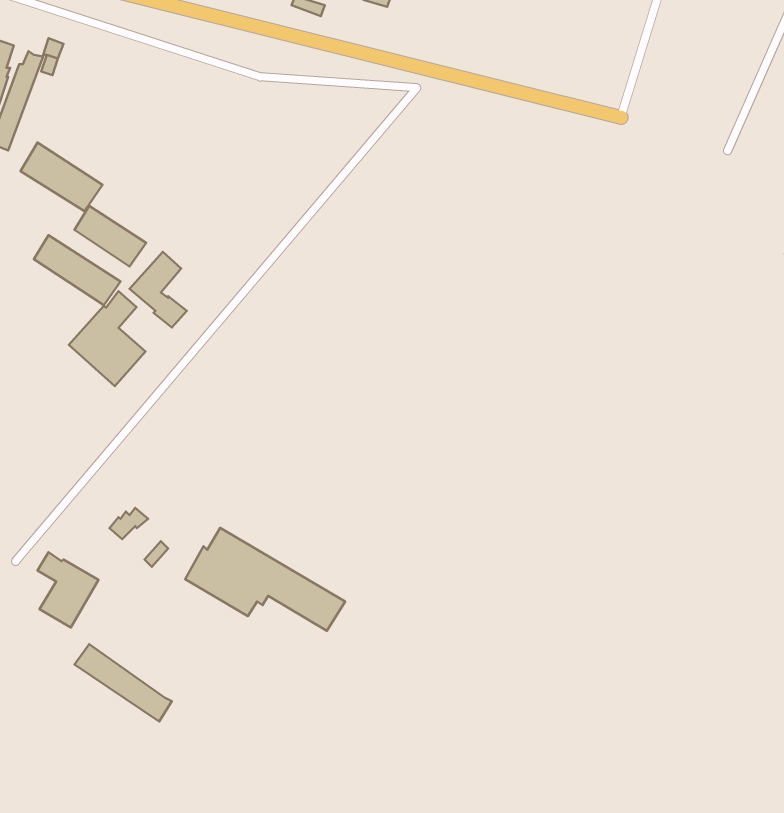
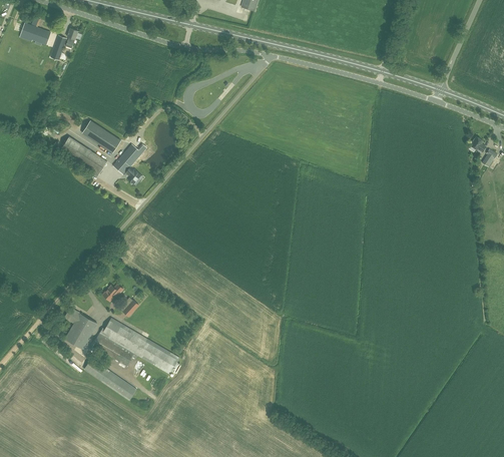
building: [20,143,103,211] -> none
building: [69,291,146,386] -> none
building: [185,528,345,631] -> [92,317,179,373]

